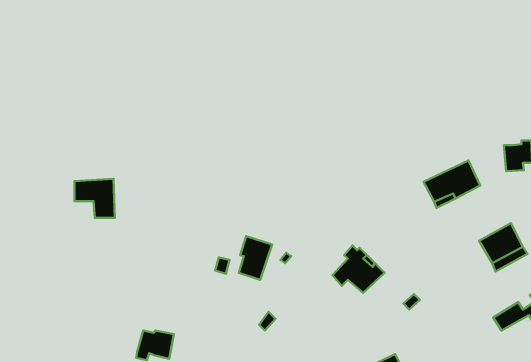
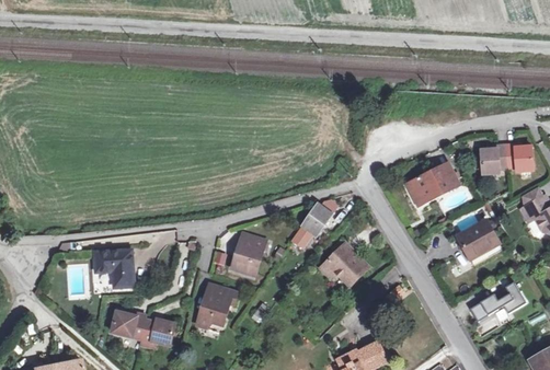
building: [75,179,115,218] -> [95,250,133,286]
building: none -> [293,198,337,246]
building: none -> [196,282,236,327]
building: none -> [112,310,147,339]

